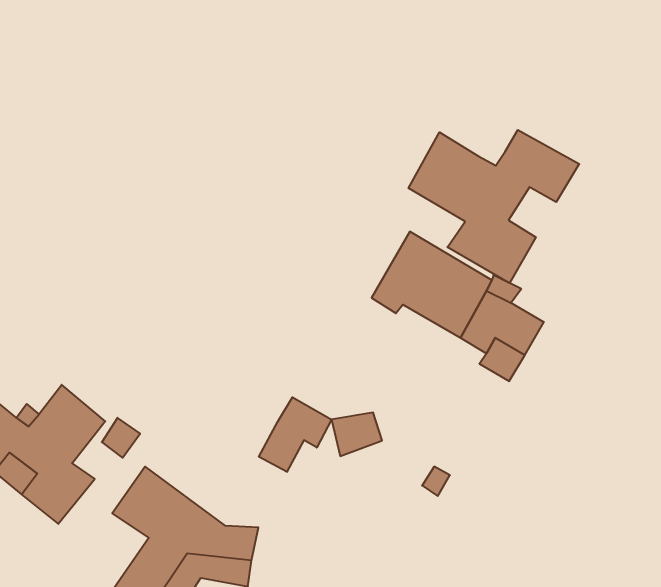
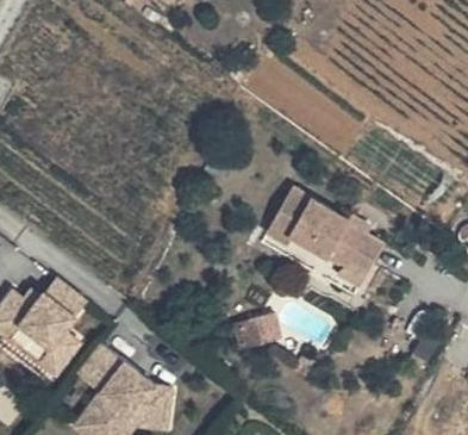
building: [409,130,579,283] -> none
building: [259,397,332,472] -> none

